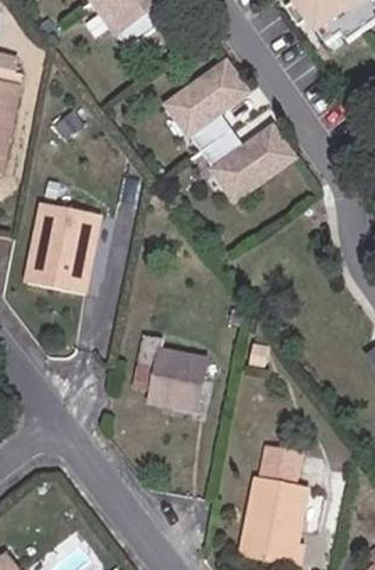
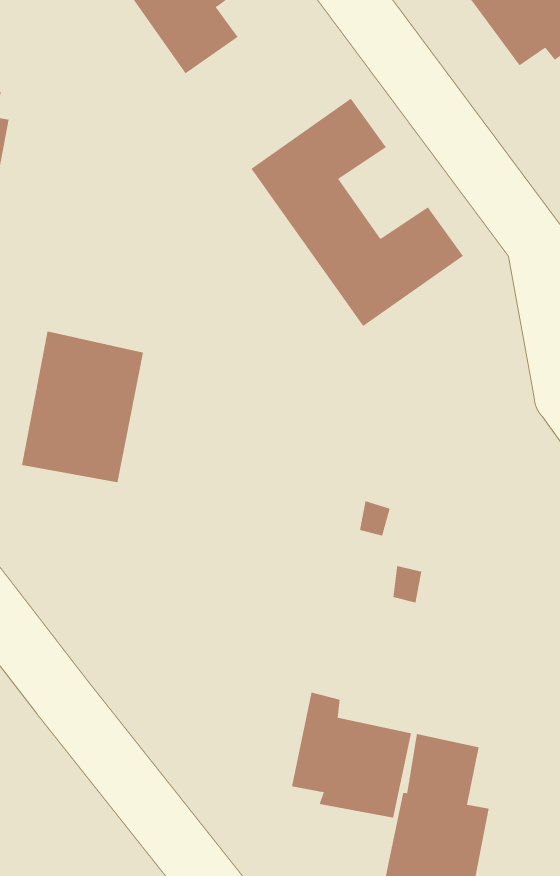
building: [133,332,205,408] -> [291,692,412,818]

